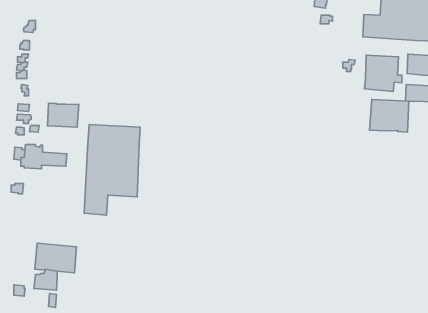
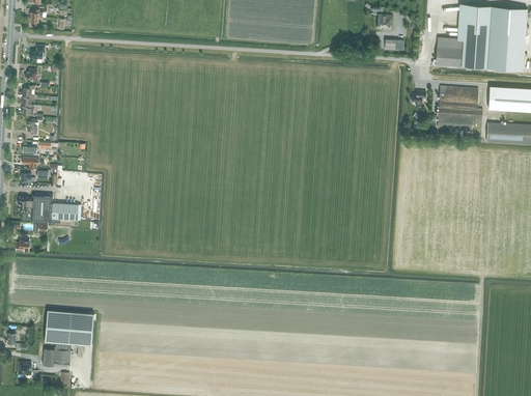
building: [370,99,409,132] -> none
building: [47,103,79,127] -> none
building: [84,124,140,215] -> none

